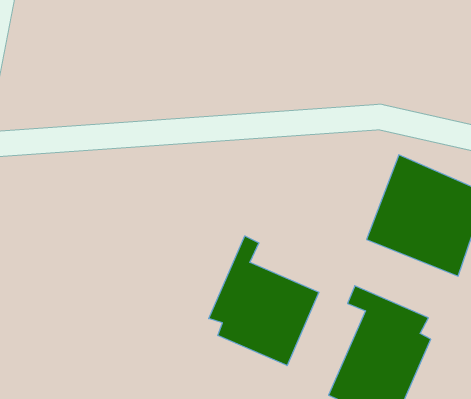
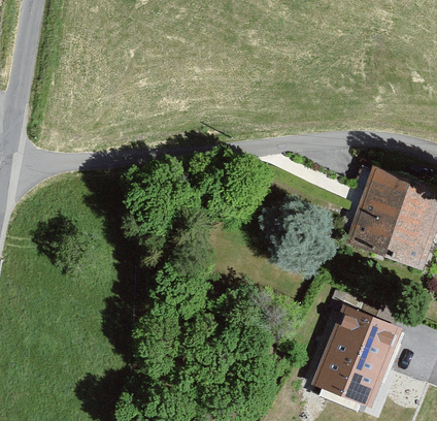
building: [209,236,319,366] -> none

